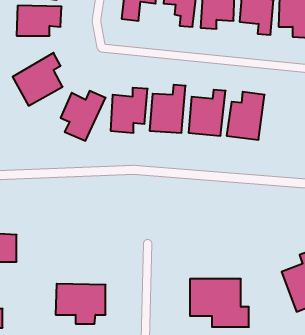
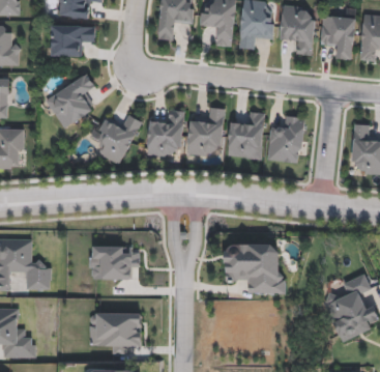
building: none -> [88,247,139,280]
building: [190,279,249,327] -> [224,245,285,294]

